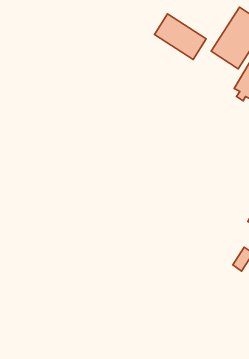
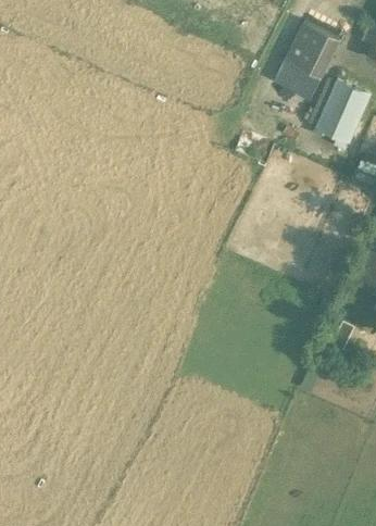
building: [154,14,206,60] -> none

